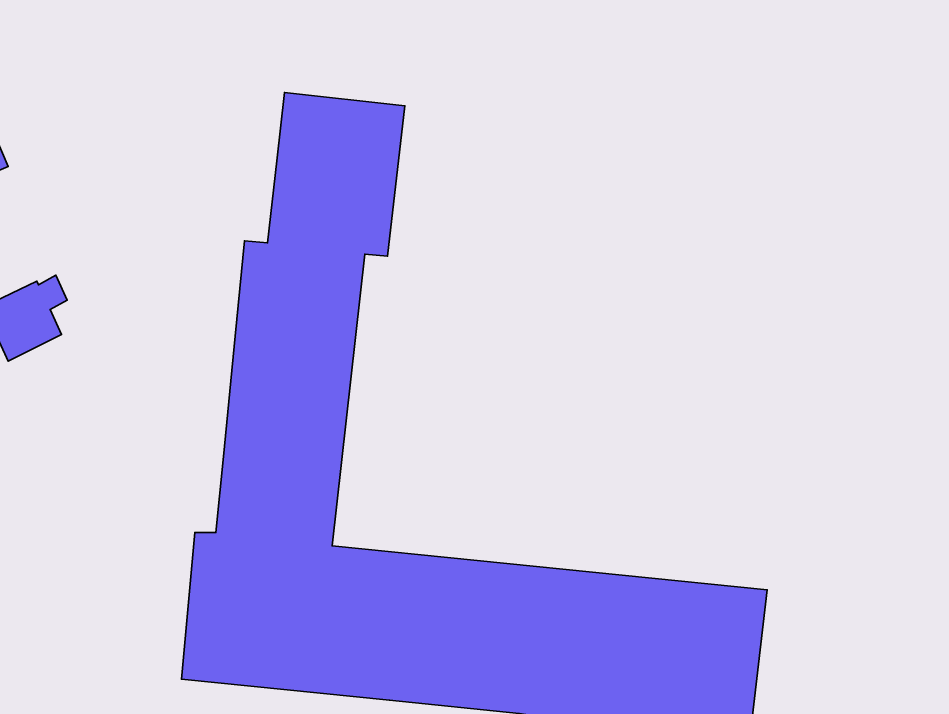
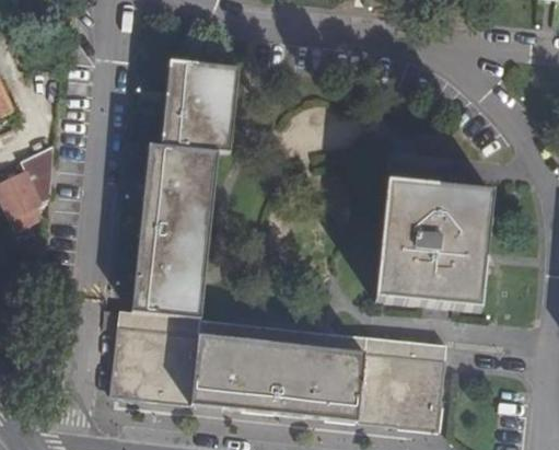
building: none -> [376,182,496,311]

